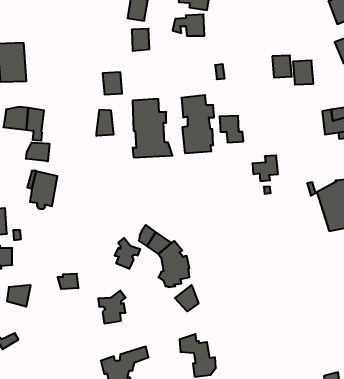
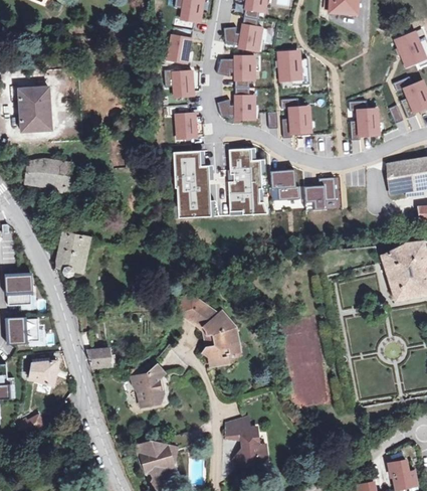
building: none -> [277,51,300,80]
building: none -> [217,95,254,119]
building: [272,55,292,78] -> [287,107,309,132]
building: [103,72,122,94] -> [174,113,196,138]
building: [96,110,113,136] -> none
building: [26,142,49,161] -> none
building: [252,155,278,181] -> [305,178,335,207]
building: [115,238,140,269] -> none
building: [175,285,198,311] -> none

